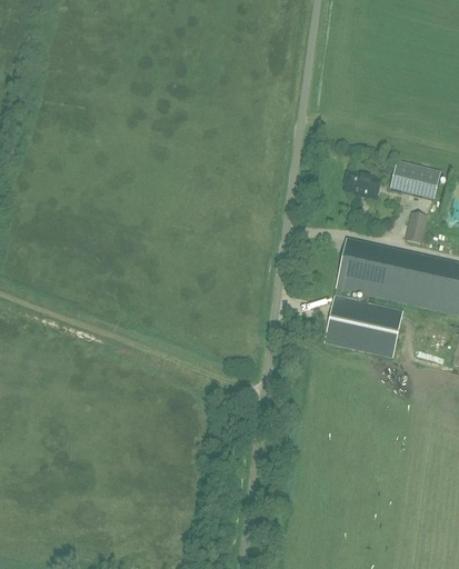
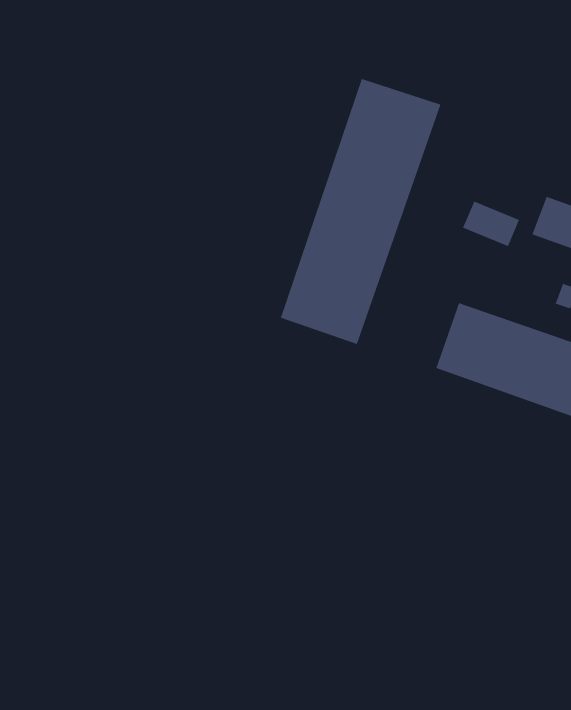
building: none -> [280,78,441,345]
building: [323,297,401,359] -> none

